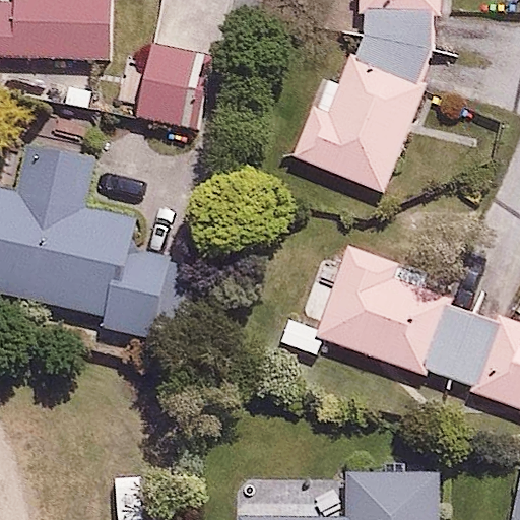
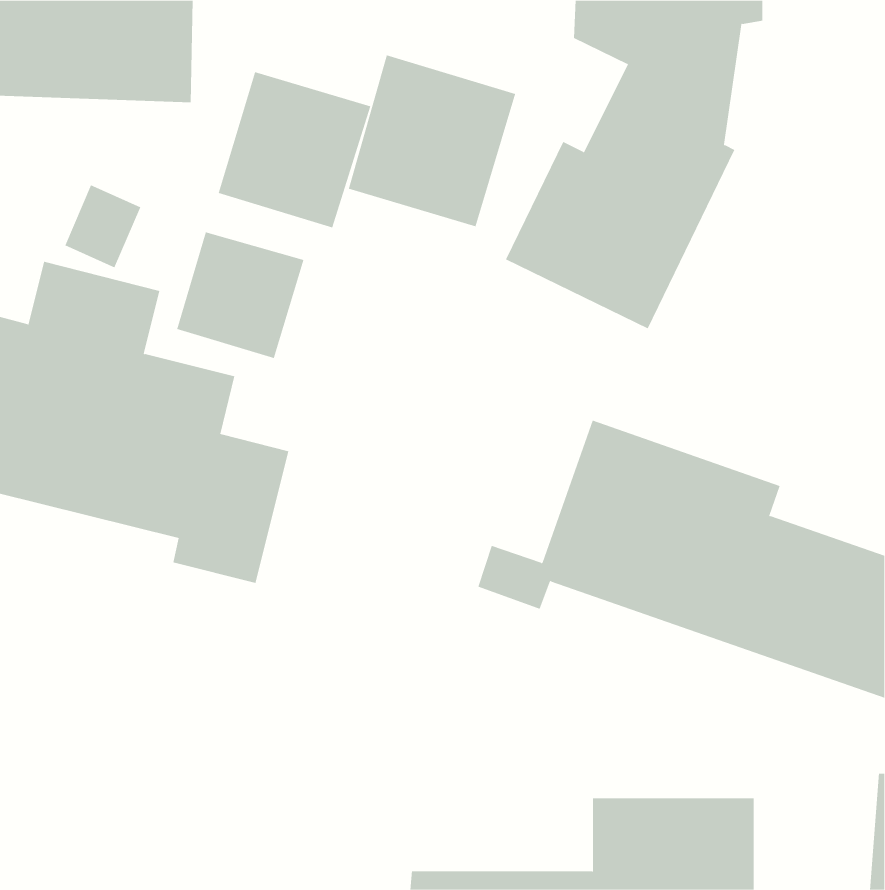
building: none -> [348,54,516,227]
building: none -> [176,232,304,359]

